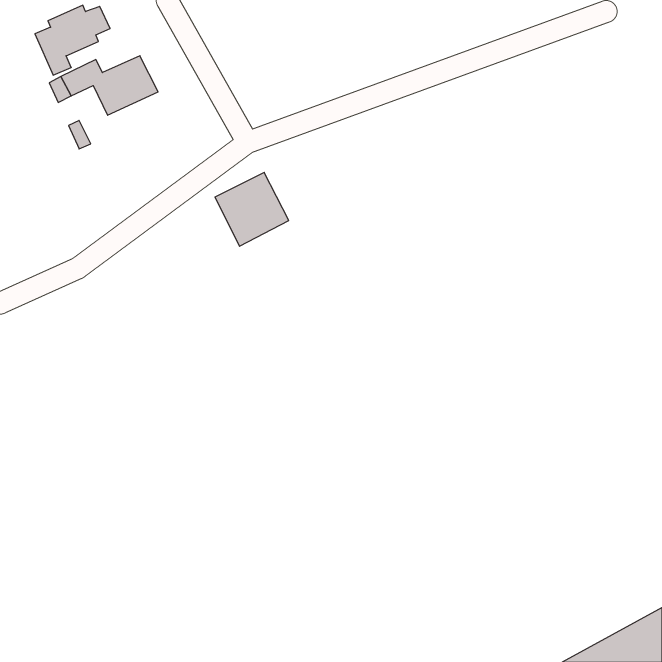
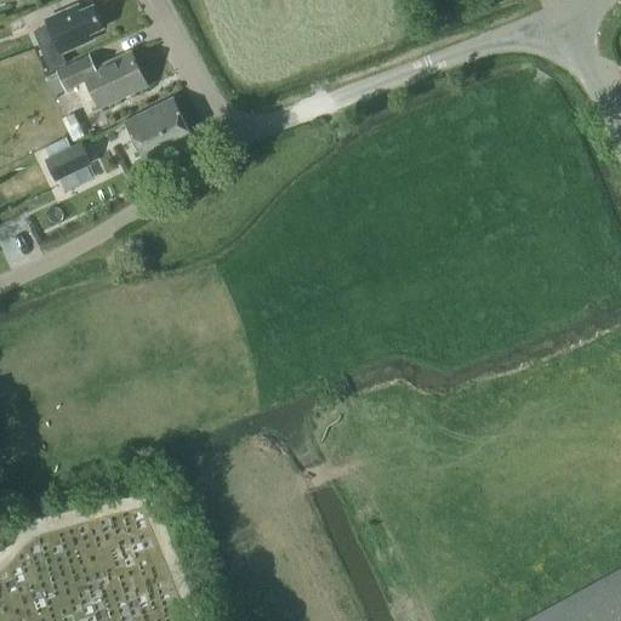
building: none -> [45,137,92,181]
building: [215,172,289,246] -> [126,98,195,167]

